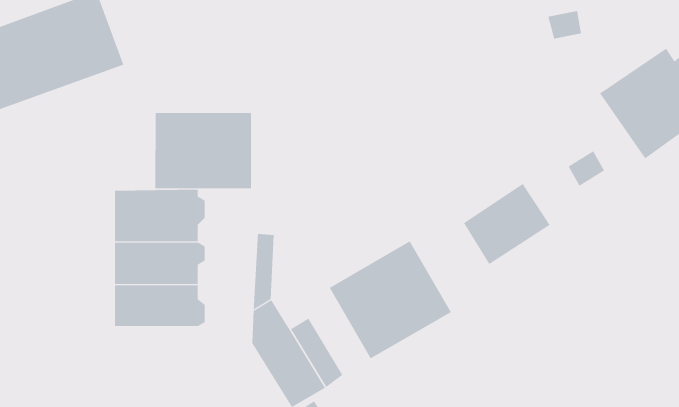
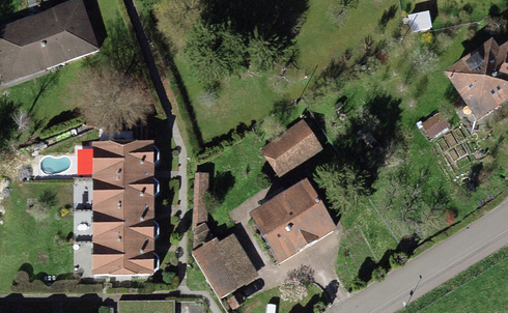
building: [155,112,251,189] -> none
building: [463,183,550,265] -> [259,119,322,178]
building: none -> [92,239,159,274]

